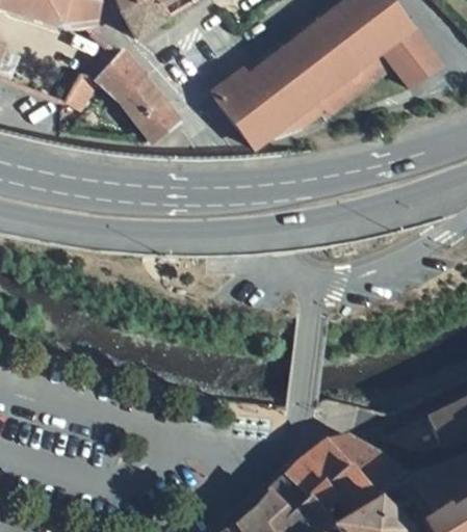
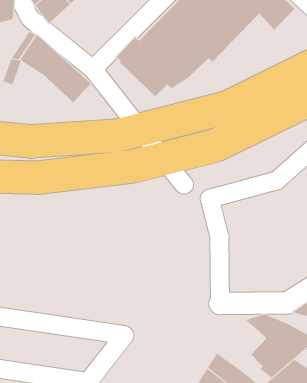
building: [284,440,347,510] -> none

